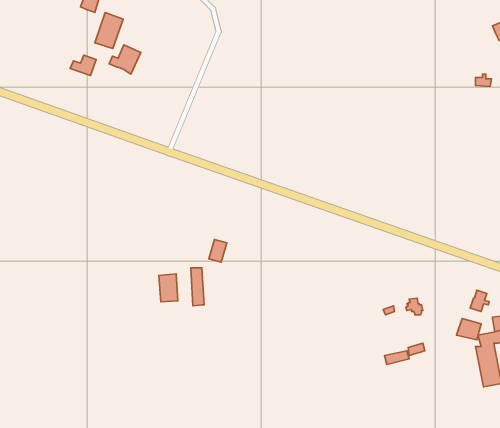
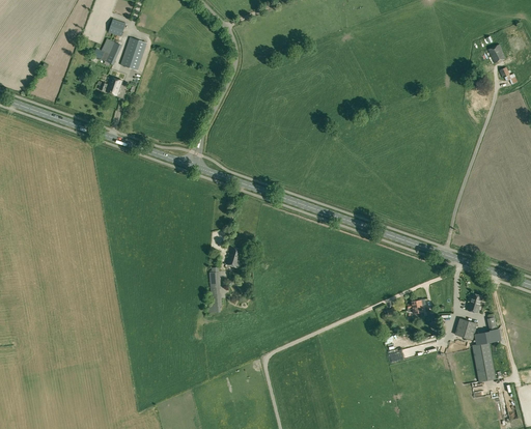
building: [109,45,141,74] -> [93,38,122,65]
building: [159,274,178,302] -> none

